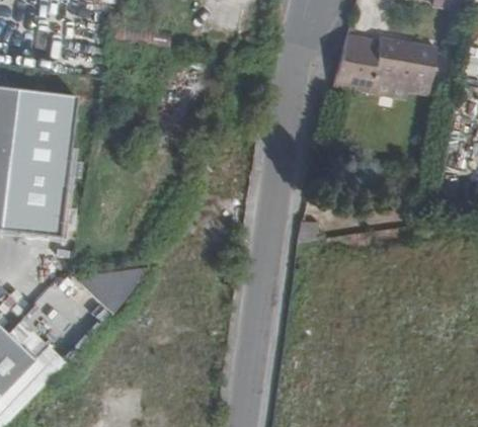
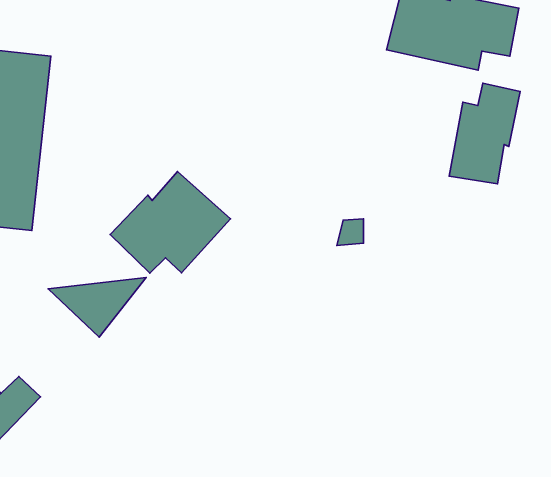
building: none -> [449,83,520,184]
building: none -> [110,171,230,273]

